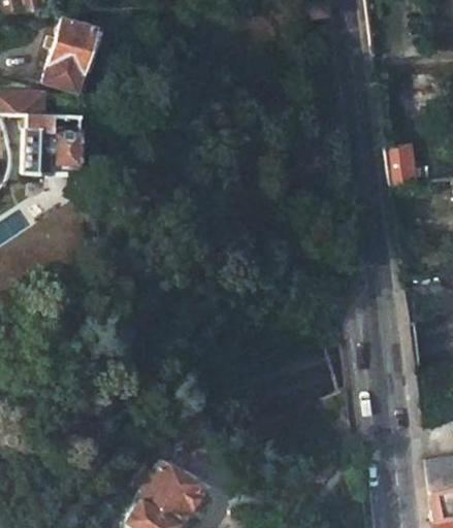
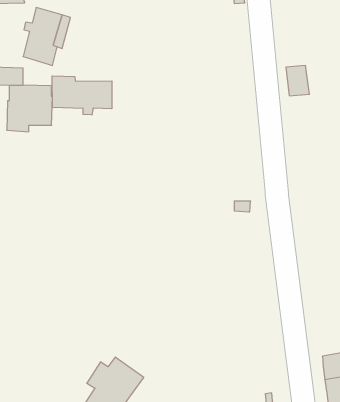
building: none -> [52,76,112,115]
building: [384,145,414,184] -> [286,66,310,96]

